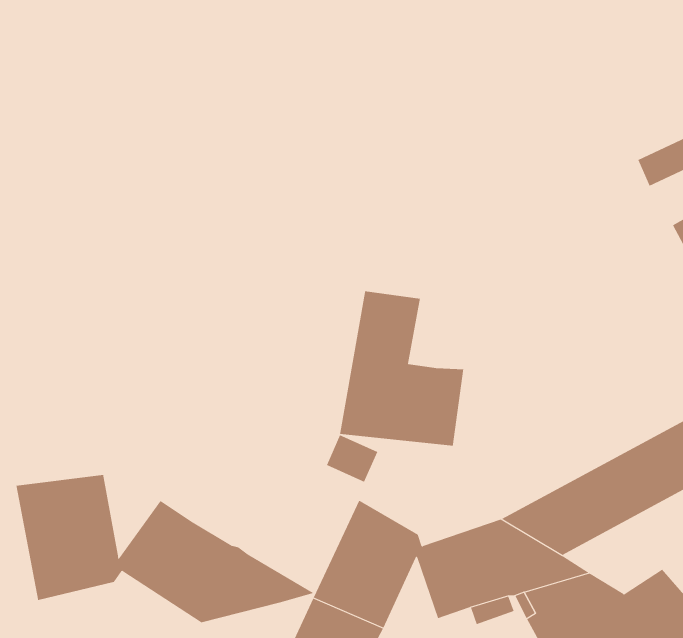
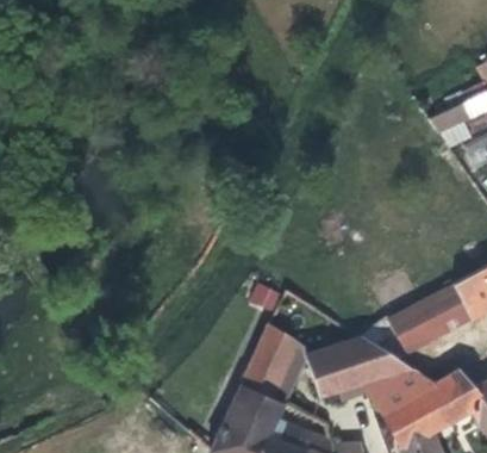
building: [340,290,464,447] -> none
building: [16,474,315,623] -> none

